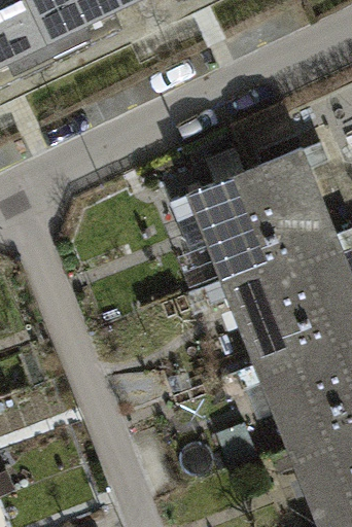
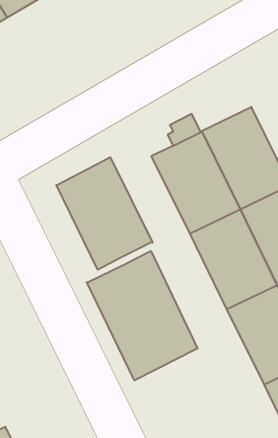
building: none -> [56,157,153,270]
building: none -> [87,251,198,380]

